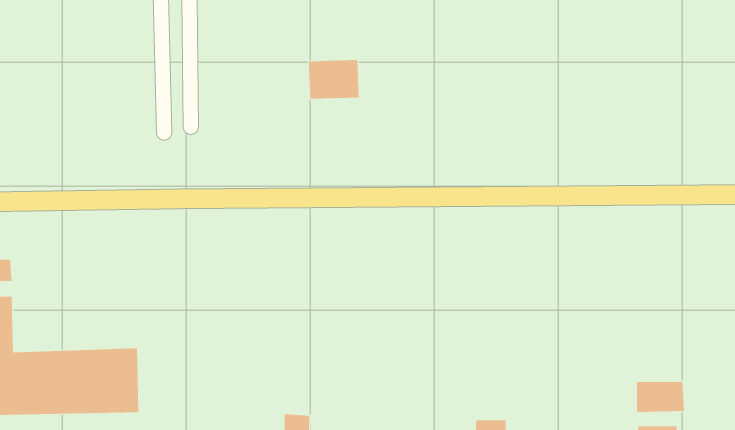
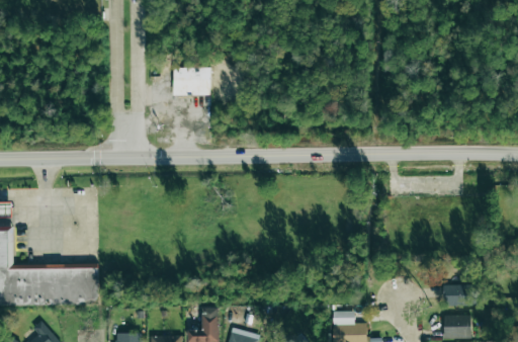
building: [308,60,359,99] -> [175,68,210,95]

